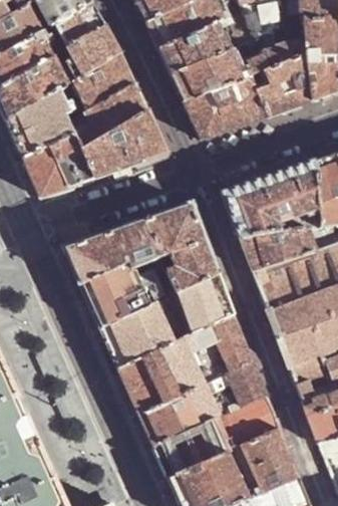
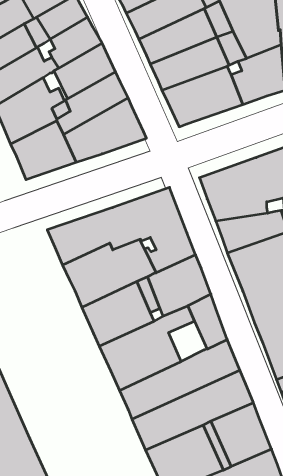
building: [191,343,231,386] -> none

